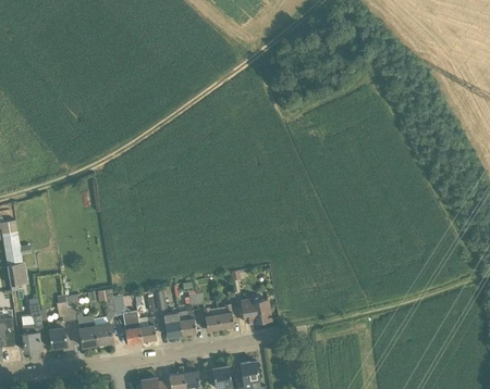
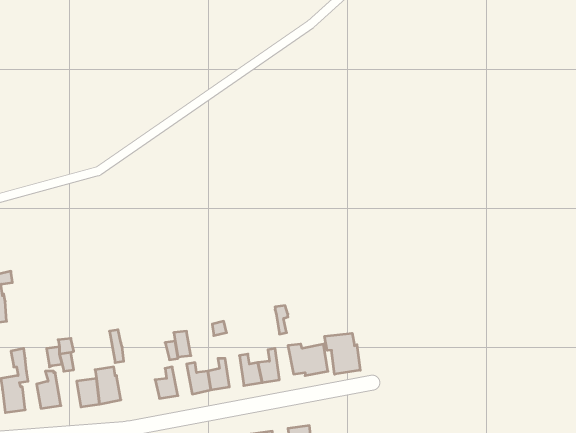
building: none -> [325,333,360,374]
building: [123,311,143,344] -> none

